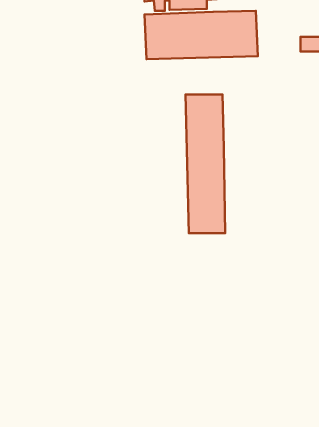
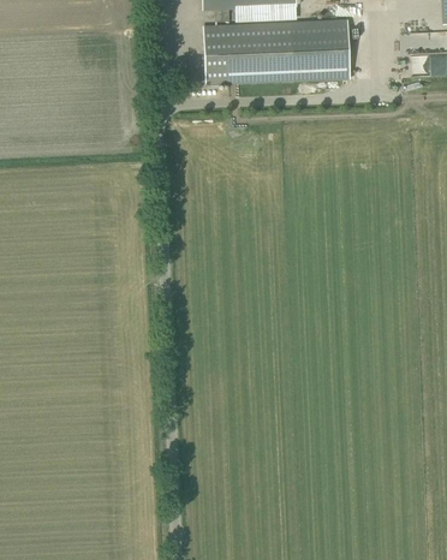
building: [186,94,225,233] -> none

